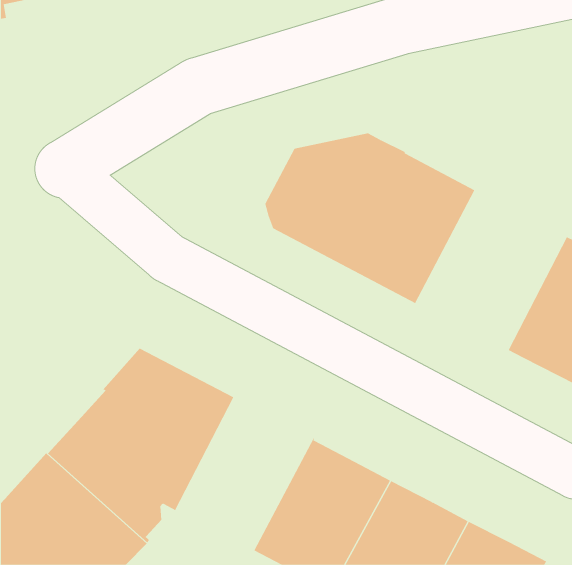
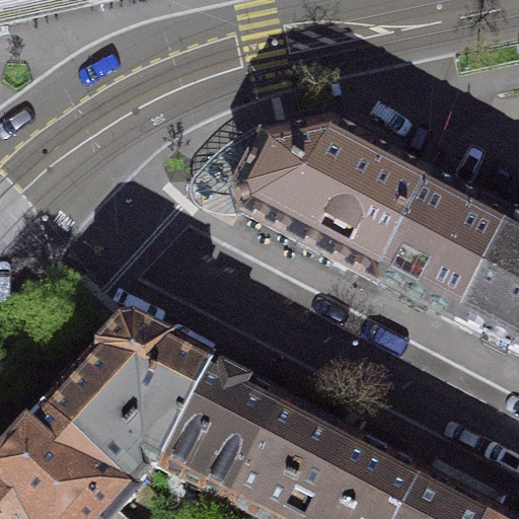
building: none -> [377,171,513,315]
building: none -> [161,358,285,496]

